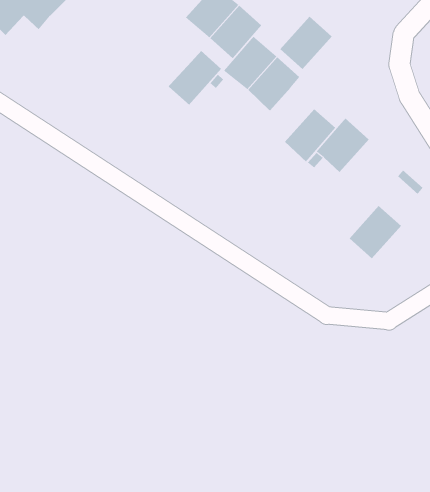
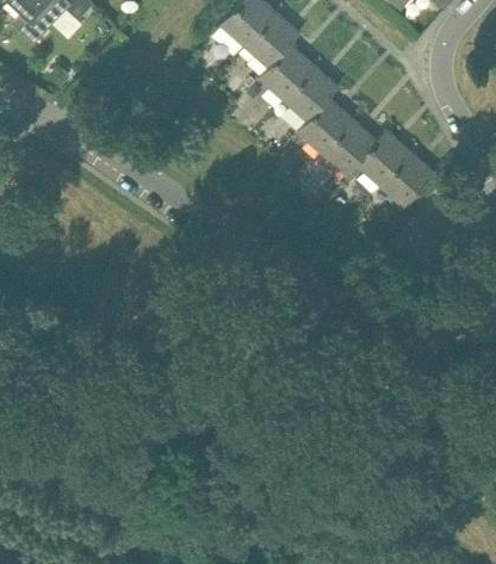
building: [279,16,332,70] -> [297,97,352,153]
building: [157,50,222,105] -> none
building: [349,205,402,259] -> [378,150,433,206]

